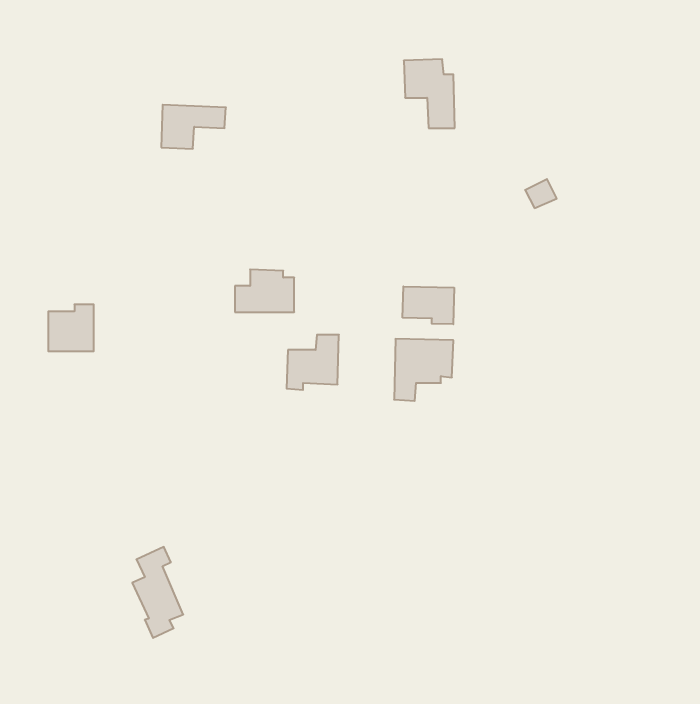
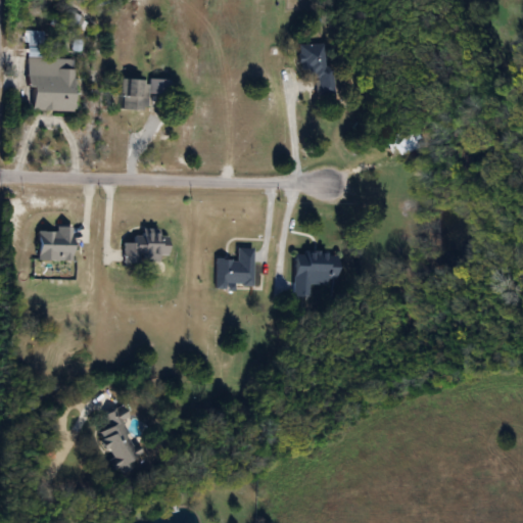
building: none -> [27,30,77,111]
building: [235,269,294,312] -> [124,230,168,262]
building: [403,286,454,324] -> none

